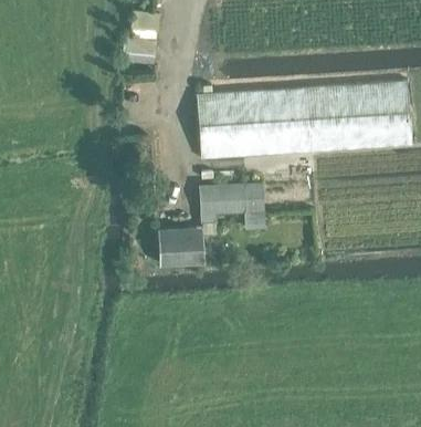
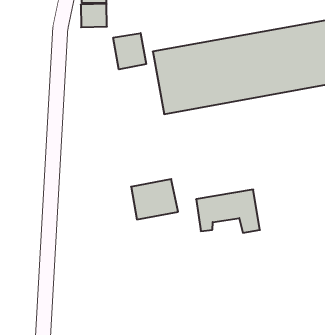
building: none -> [113,33,146,69]
building: [202,184,264,227] -> [196,190,260,233]

